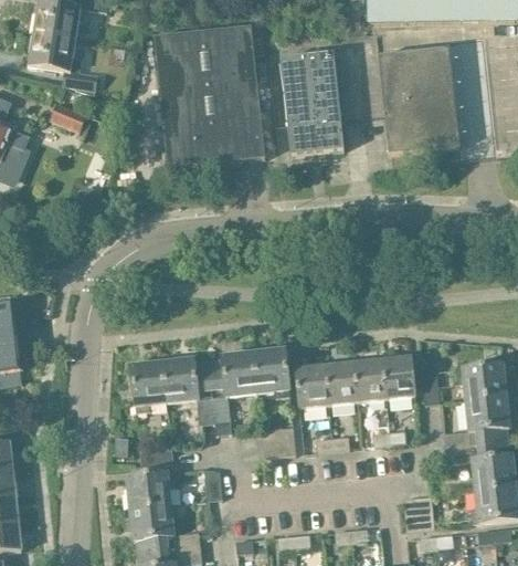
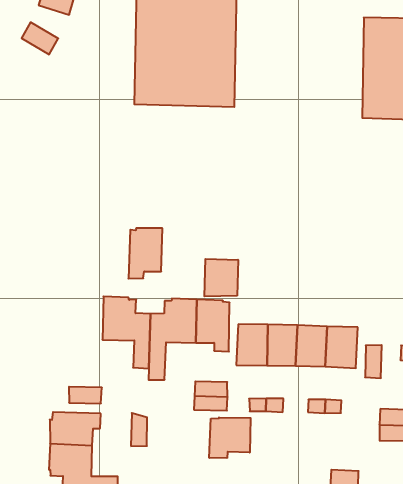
building: [281,53,343,156] -> none
building: none -> [204,259,238,296]
building: [131,358,167,411] -> [128,228,162,279]
building: none -> [209,417,251,458]

